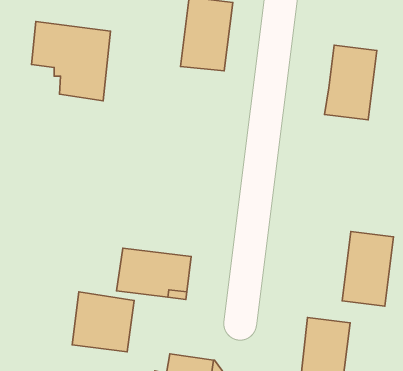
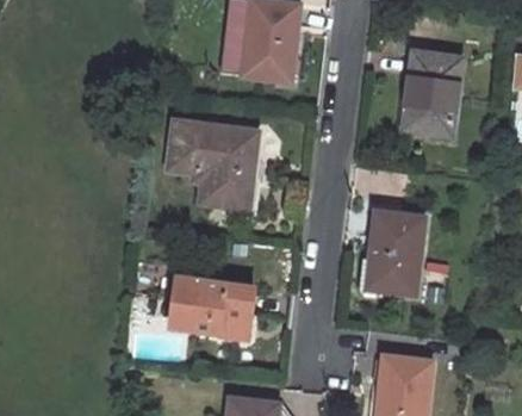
building: [32,22,111,101] -> [168,120,256,209]
building: [342,231,394,306] -> [365,211,422,294]
building: [72,292,134,352] -> none

